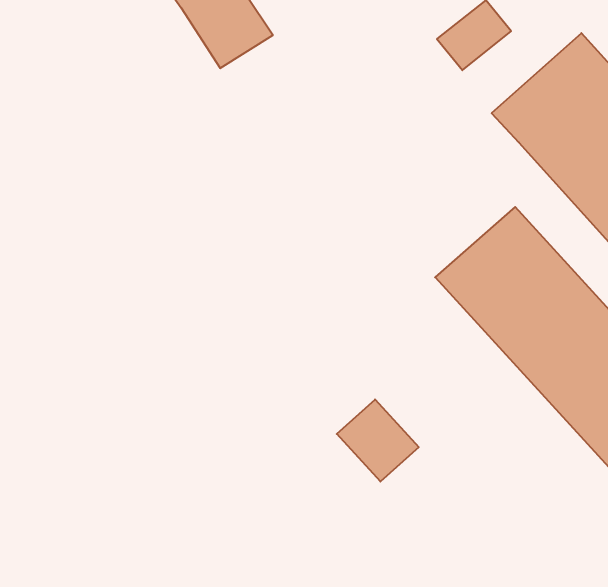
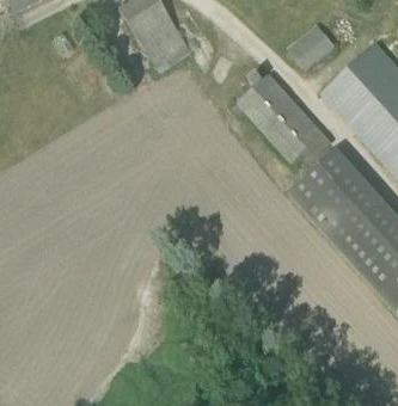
building: none -> [238,74,323,162]
building: [337,399,419,482] -> none

